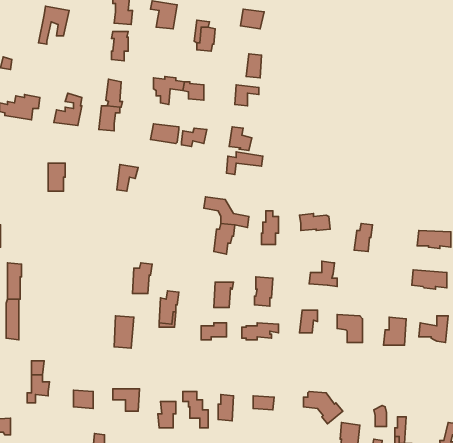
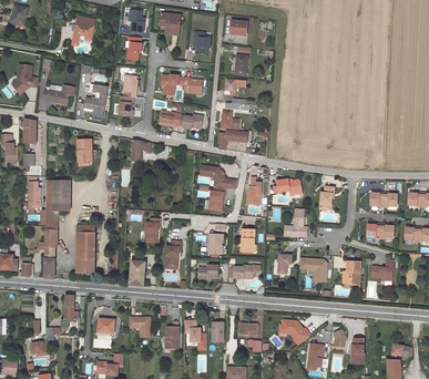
building: none -> [47,181,64,211]
building: none -> [76,226,94,274]

